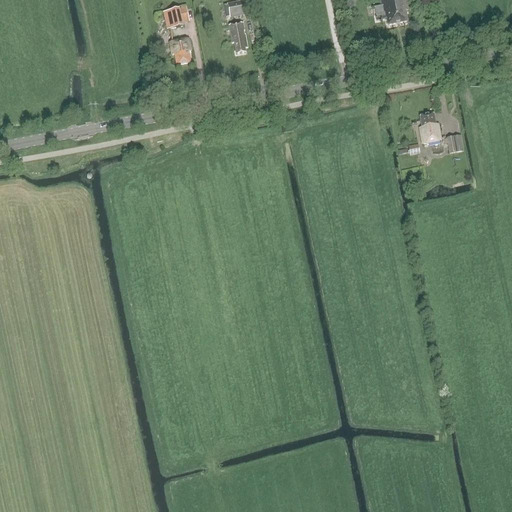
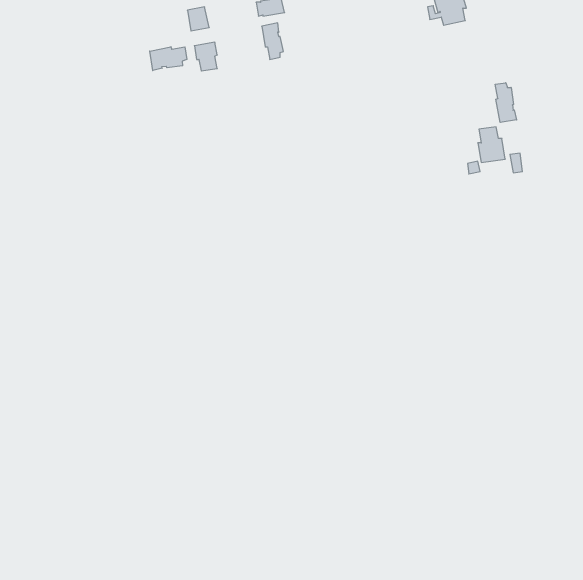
building: none -> [150,47,187,71]
building: none -> [495,83,517,122]

